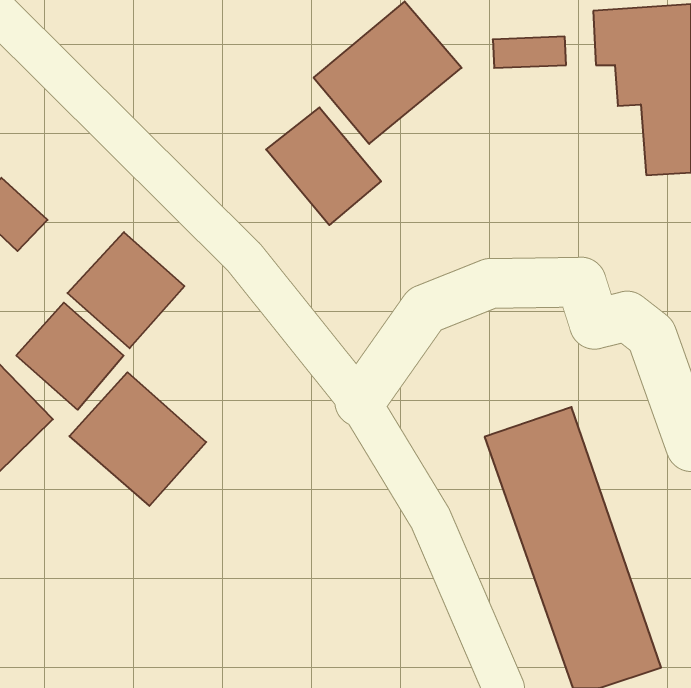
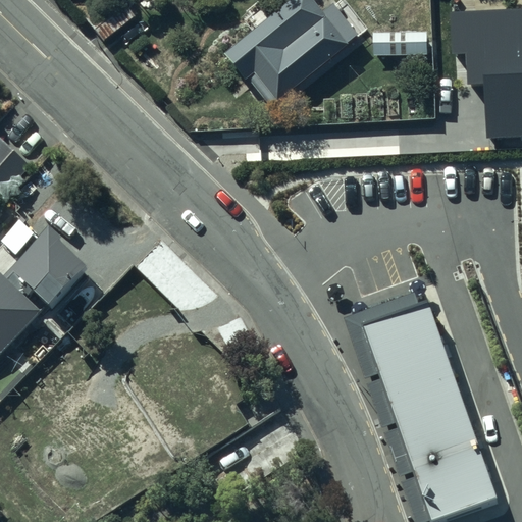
building: [266,107,381,225] -> none
building: [67,232,184,348] -> none
building: [69,372,206,506] -> none

